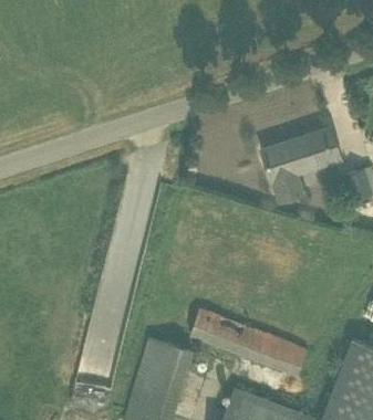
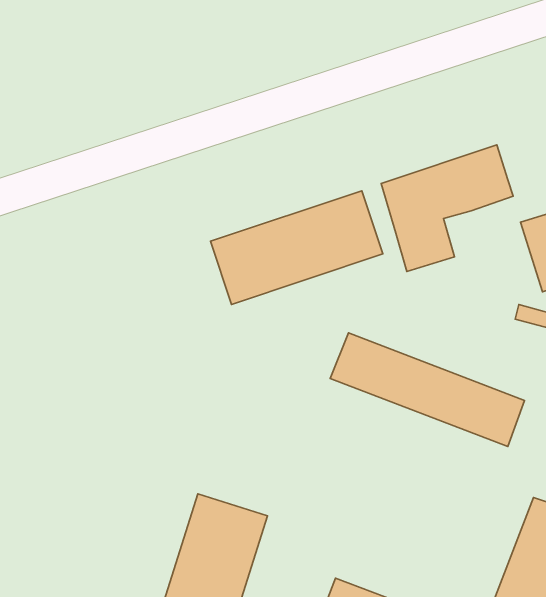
building: none -> [210,191,383,304]
building: [189,307,307,376] -> [330,333,524,447]

